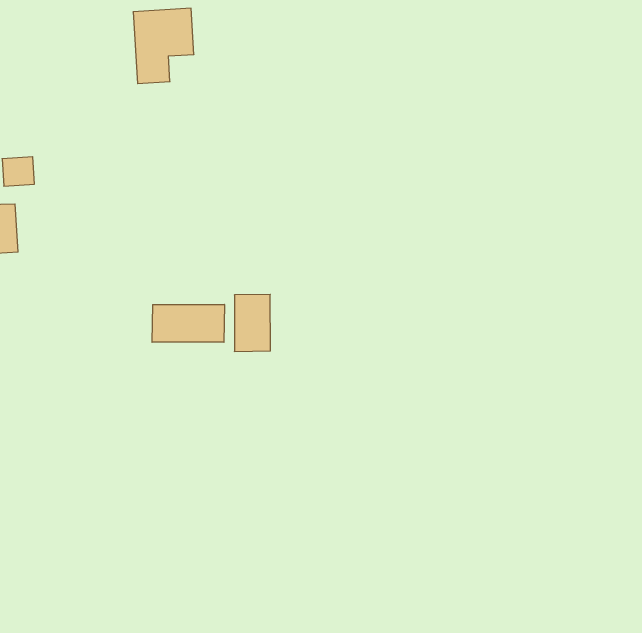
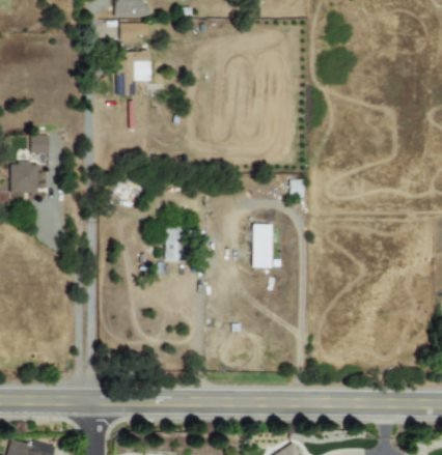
building: none -> [252,224,272,267]
building: [152,304,224,342] -> none

